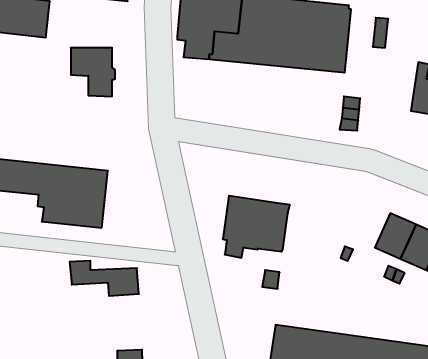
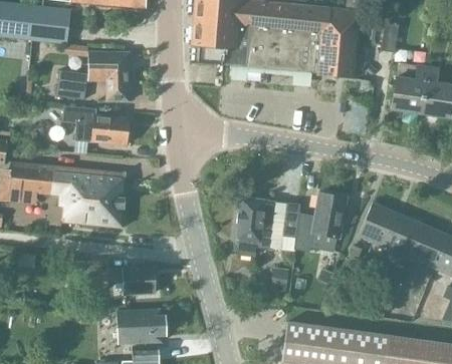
building: none -> [389,63,426,114]
building: none -> [56,70,87,99]
building: none -> [62,106,130,144]
building: none -> [294,192,348,252]
building: none -> [359,203,399,247]
building: none -> [118,311,167,343]

